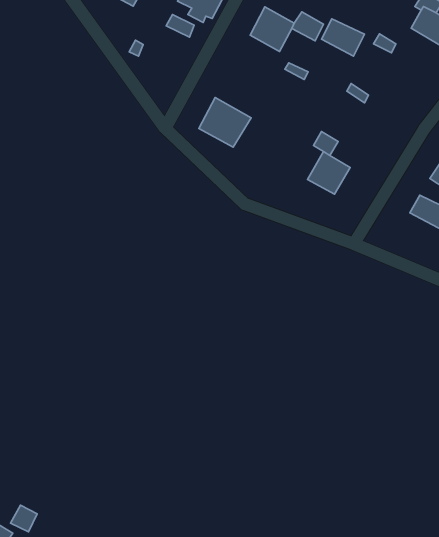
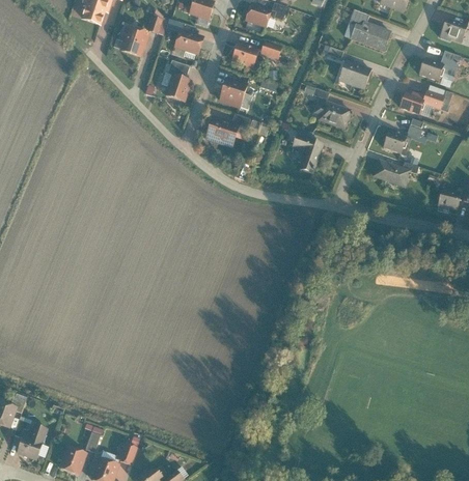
building: [321,19,364,56] -> [337,63,368,88]
building: none -> [165,75,192,104]
building: none -> [219,78,248,109]
building: none -> [318,106,348,129]

